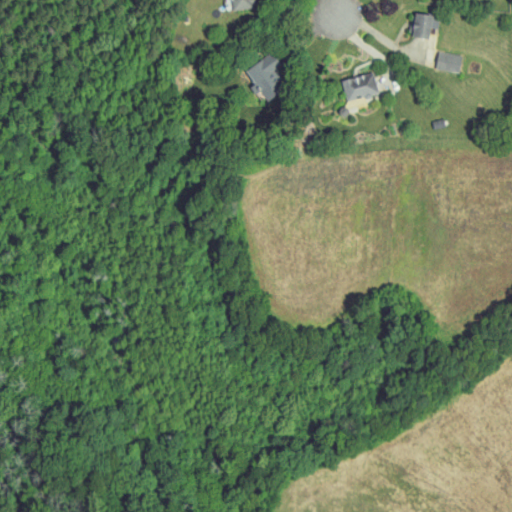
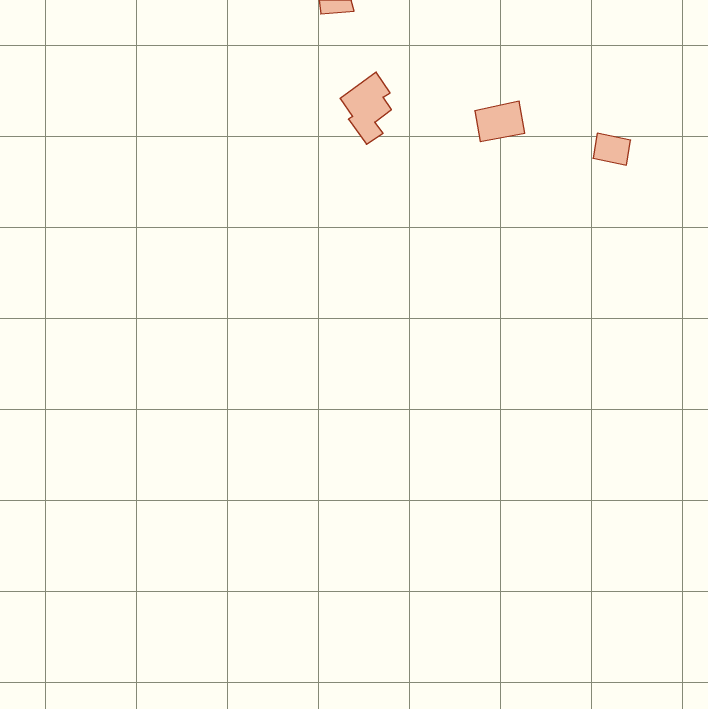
building: [410,13,440,40] -> none
building: [436,51,463,74] -> [593,133,631,165]

